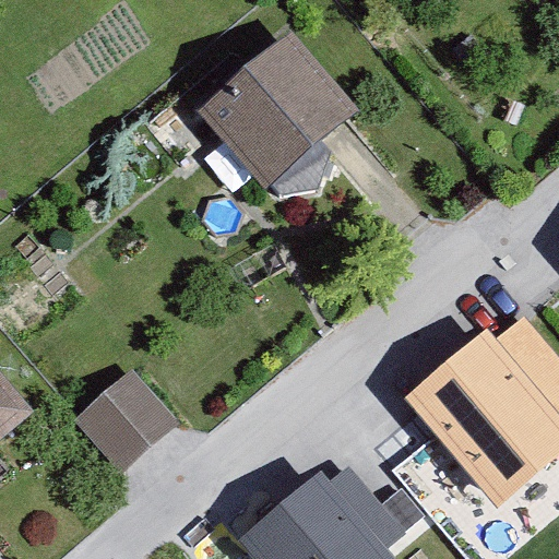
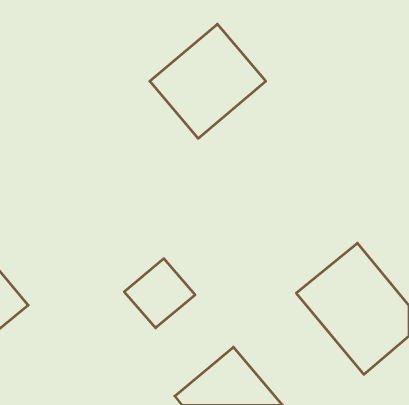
building: [85,373,181,467] -> [124,259,195,328]

